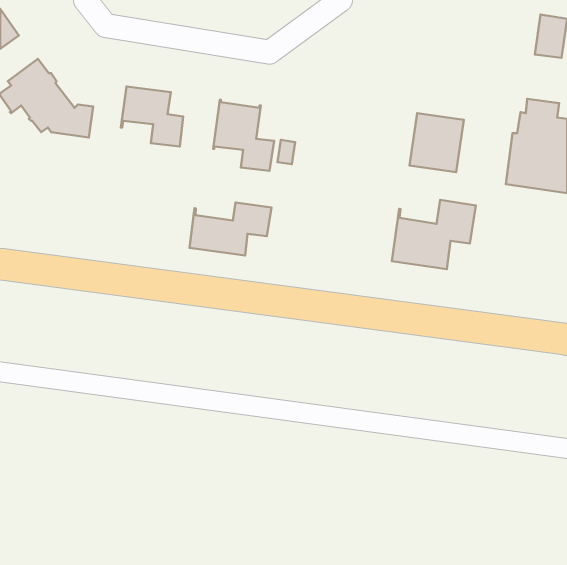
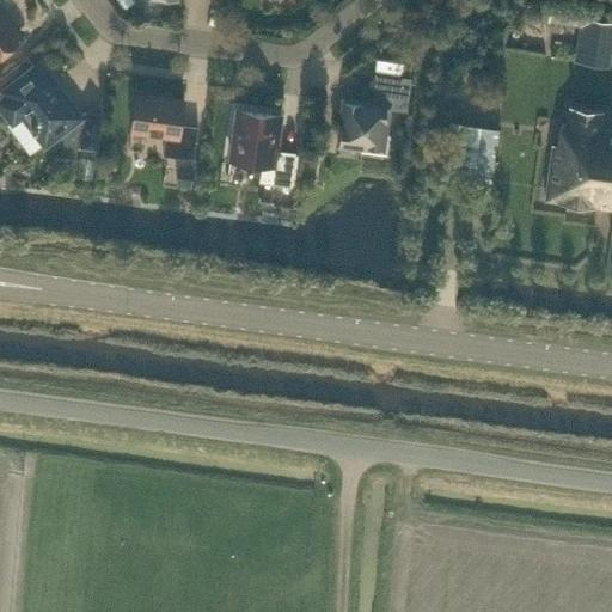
building: none -> [337,76,409,157]
building: [392,200,476,269] -> none
building: [190,202,271,255] -> none

